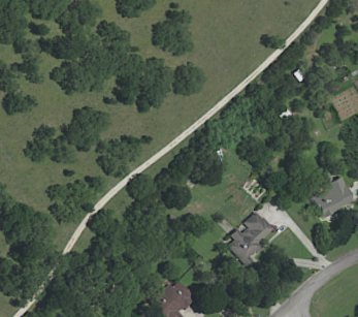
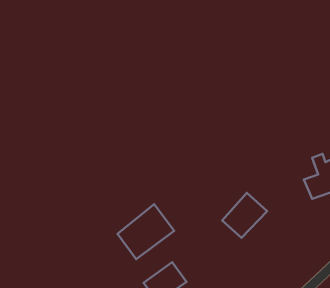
building: none -> [117,204,174,259]

